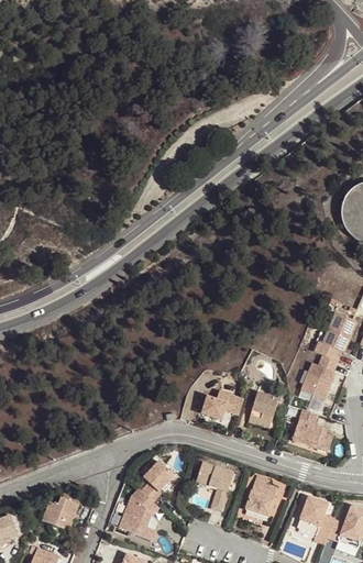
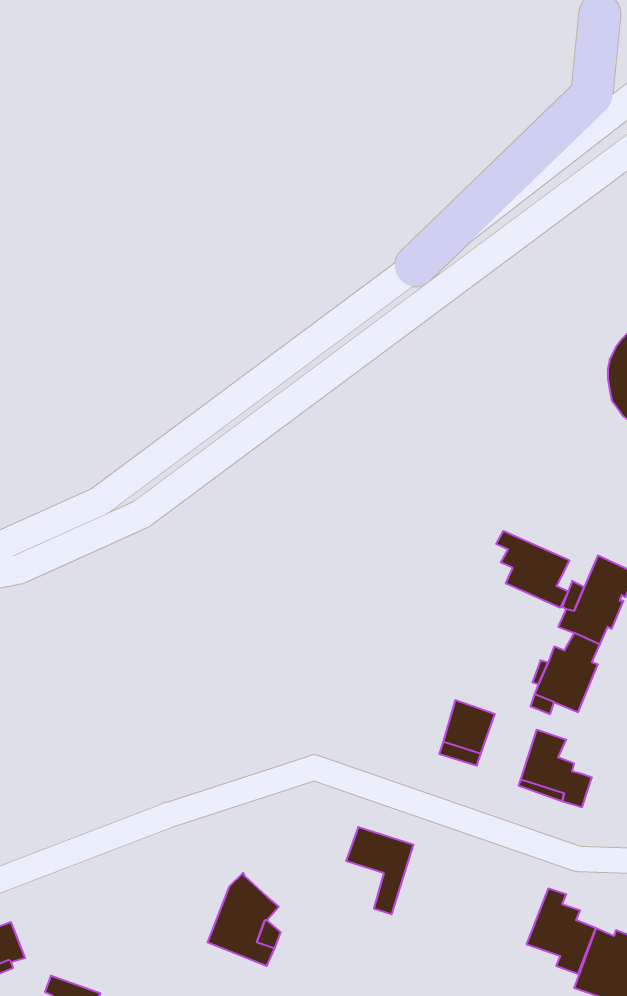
building: none -> [496,531,569,608]
building: [201,390,243,419] -> none
building: [140,460,174,500] -> none
building: [245,476,276,516] -> none
building: [43,496,79,530] -> none

